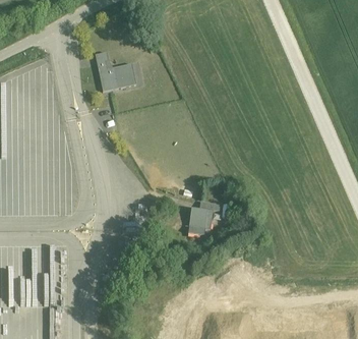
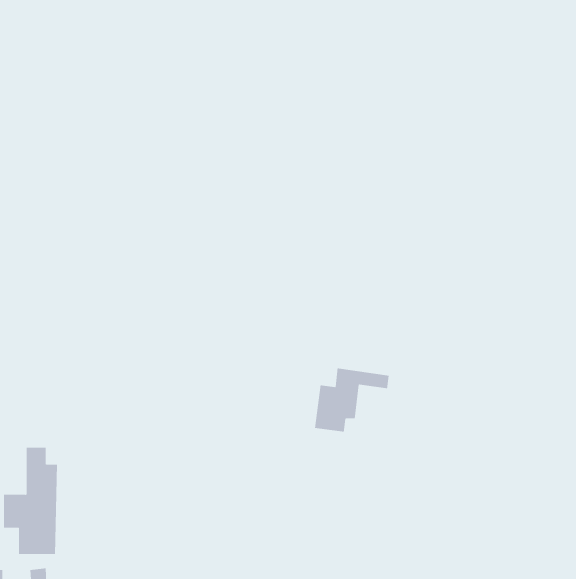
building: [95,48,135,92] -> none

